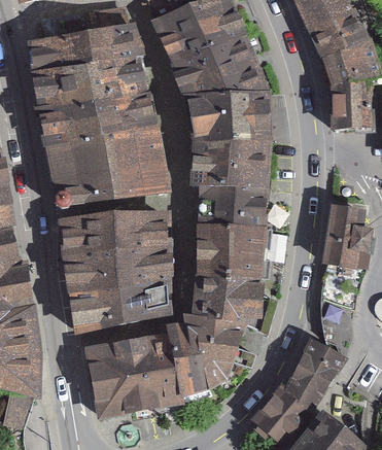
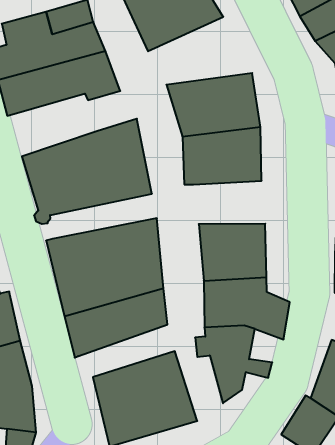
building: [173,41,265,97] -> none
building: [40,97,157,147] -> none
building: [201,189,263,232] -> none
building: [168,327,206,403] -> none

